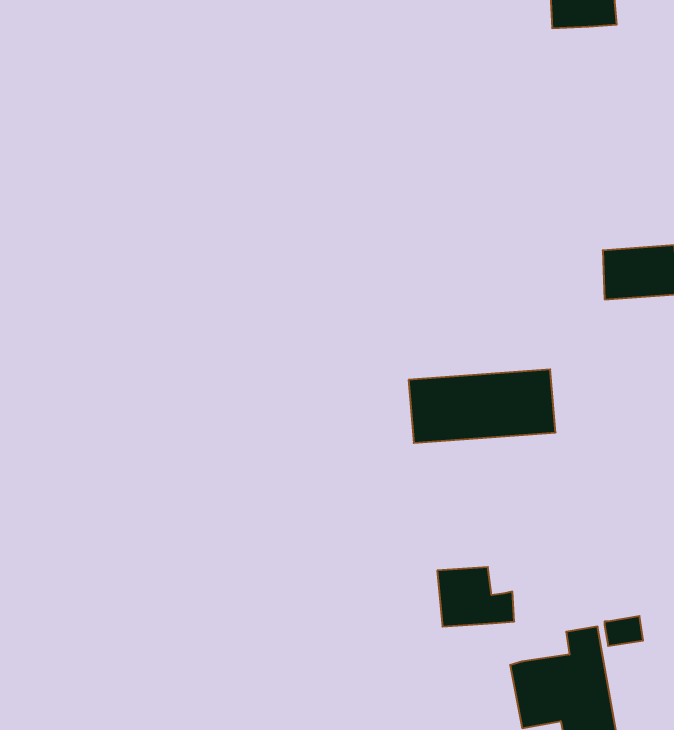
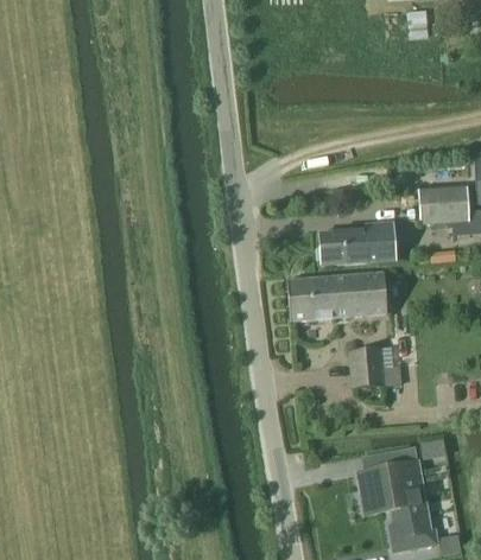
building: none -> [319,221,397,263]
building: [437,567,514,627] -> [348,346,400,387]

